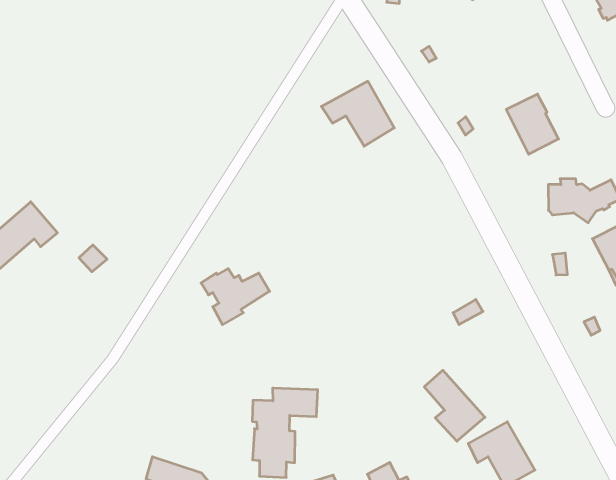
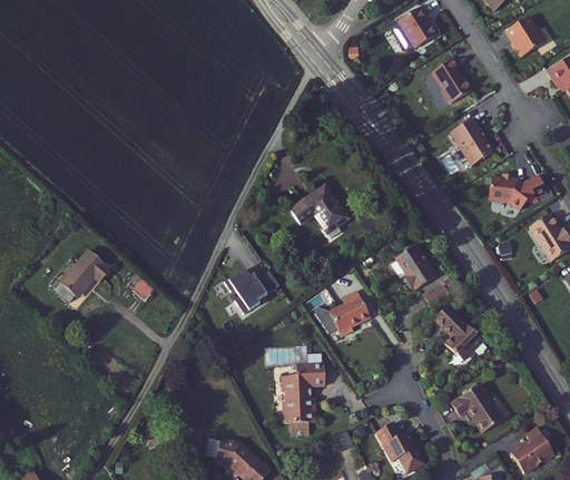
building: none -> [434,60,473,105]
building: [321,81,394,146] -> [289,175,348,226]
building: none -> [389,241,433,288]
building: none -> [309,287,367,334]
building: [424,370,485,441] -> [429,303,479,357]

